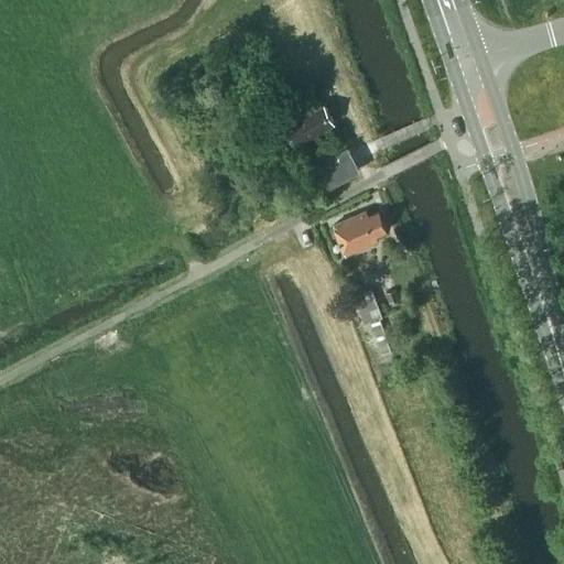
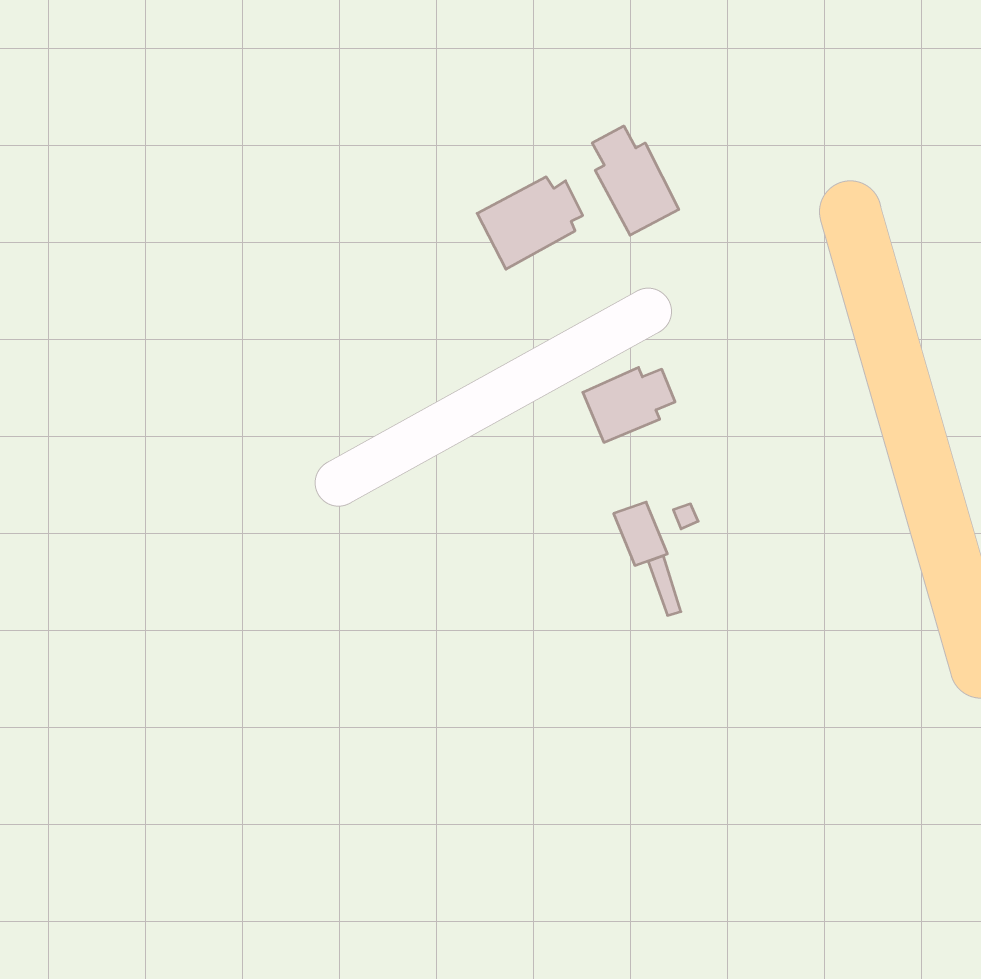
building: none -> [592,126,679,235]
building: [317,150,358,187] -> none

